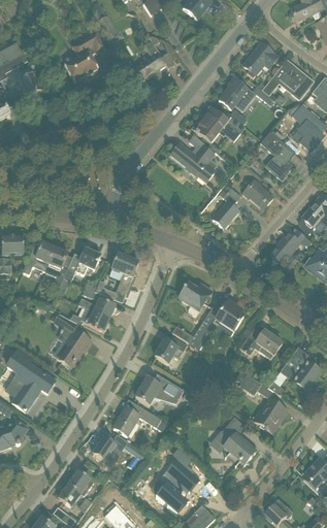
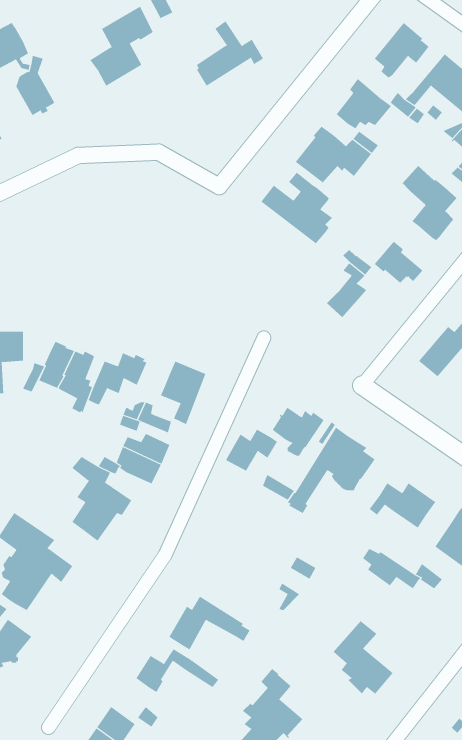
building: [154,336,187,363] -> [225,429,278,472]
building: [135,374,183,404] -> none
building: [255,399,287,433] -> none

